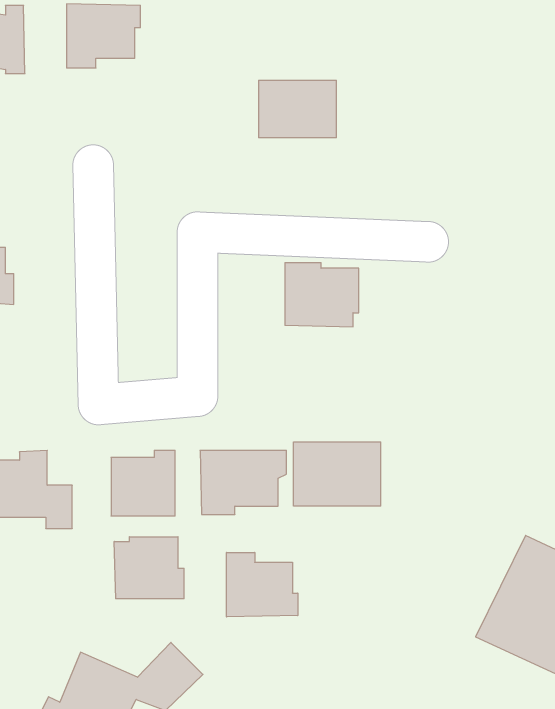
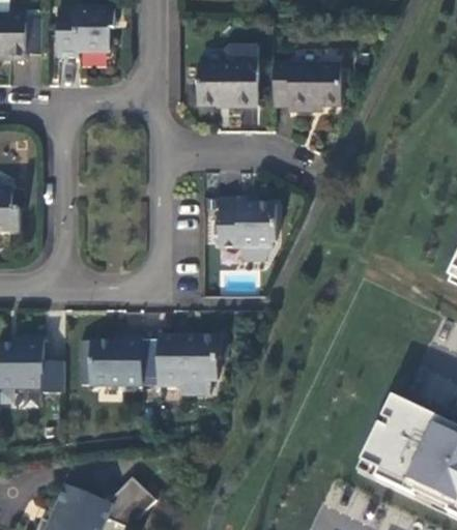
building: none -> [268,61,340,107]
building: [294,442,381,506] -> none
building: [114,537,184,599] -> none
building: [227,552,298,617] -> none

